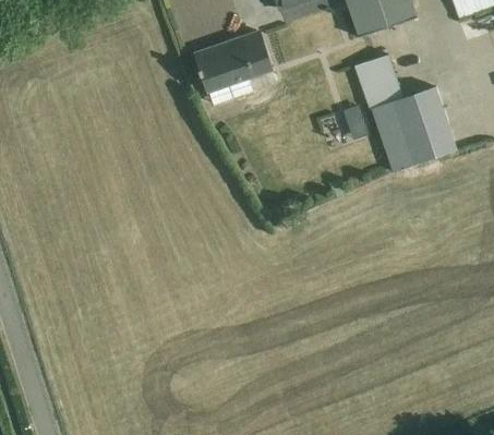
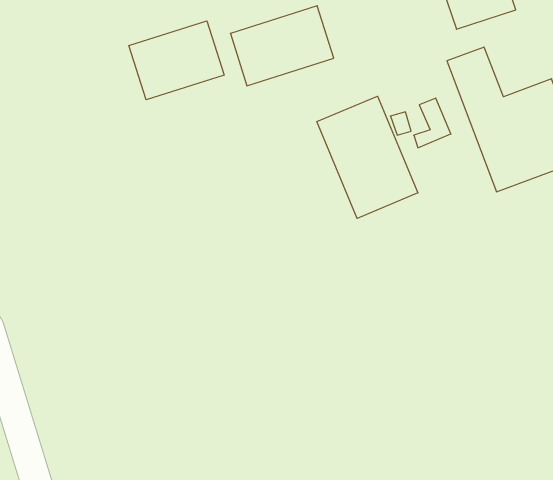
building: none -> [129,21,224,100]
building: none -> [317,96,418,218]

